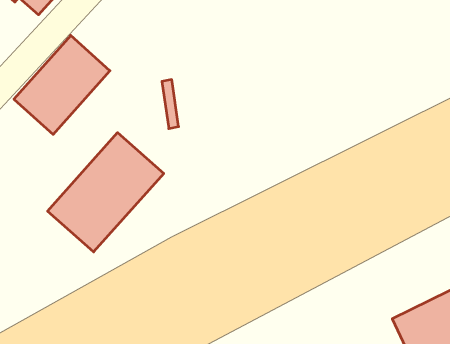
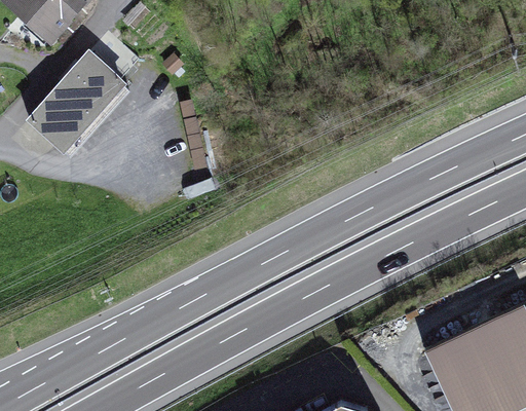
building: [48,133,164,252] -> none

